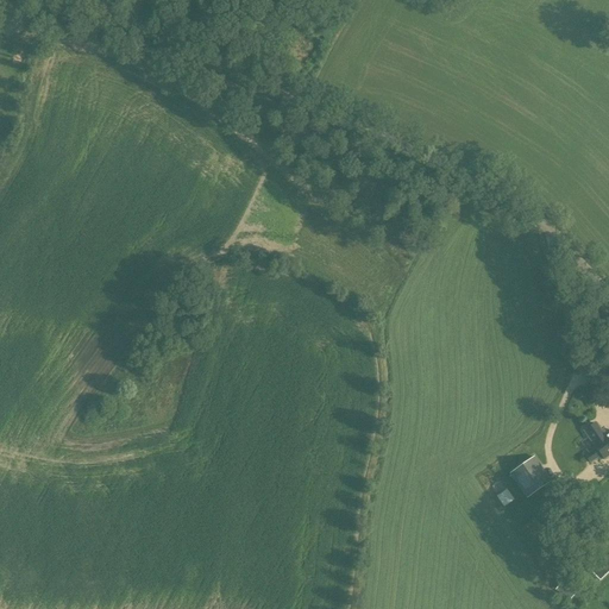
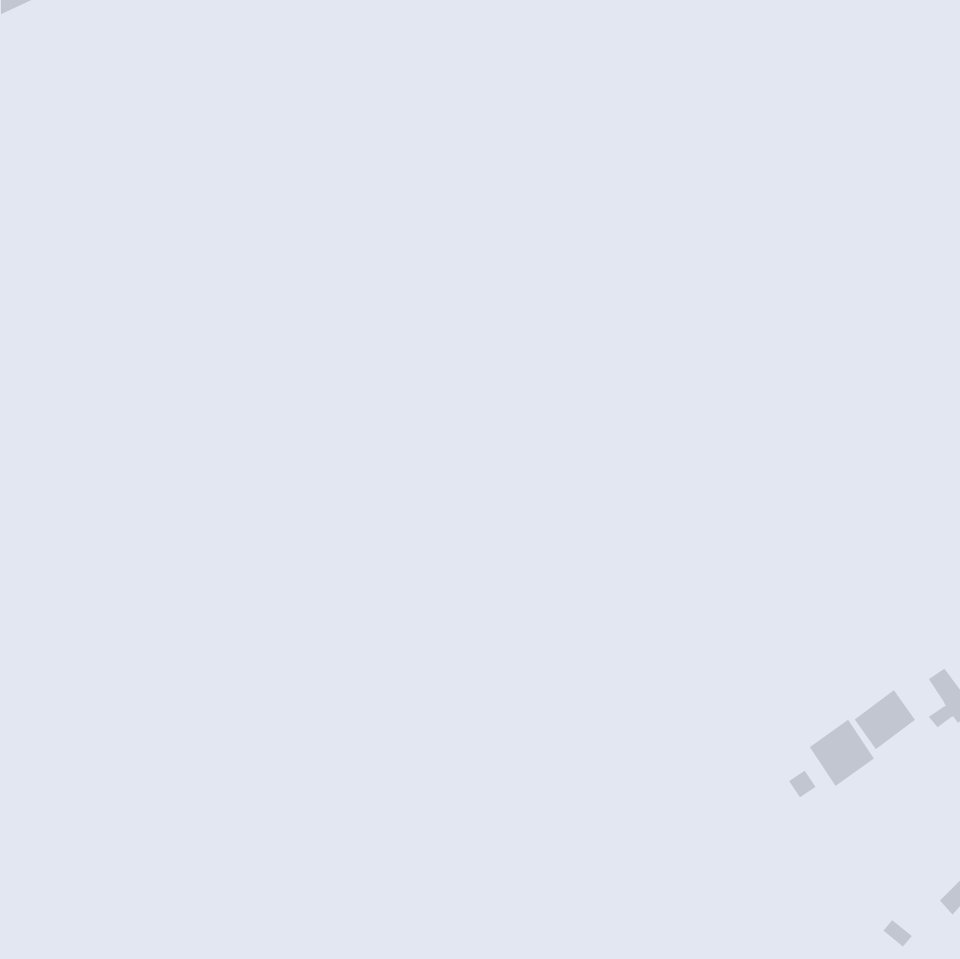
building: none -> [854,689,916,750]

